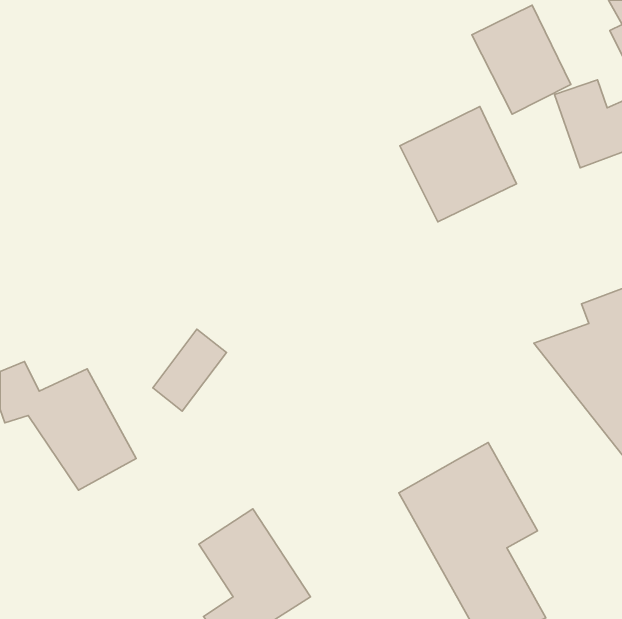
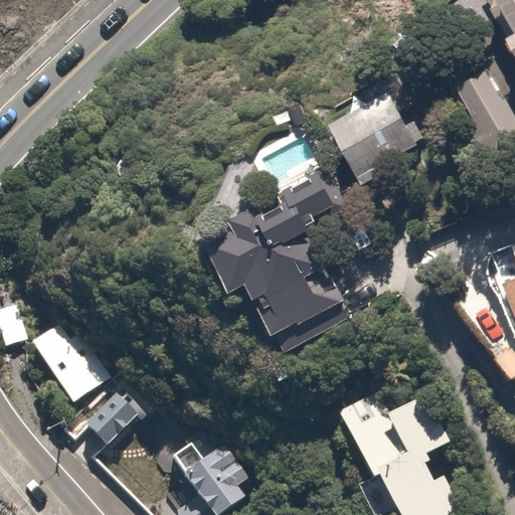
building: [472,5,571,114] -> none
building: none -> [202,163,373,353]
building: [153,329,226,411] -> [83,381,144,449]

